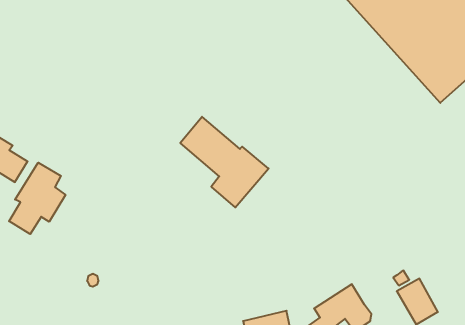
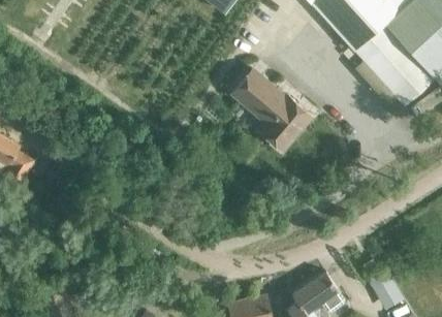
building: [180,117,269,207] -> [231,68,311,150]
building: [9,163,65,234] -> none

